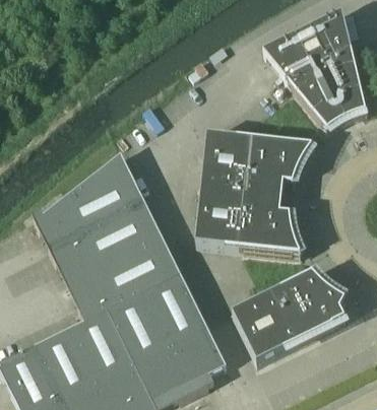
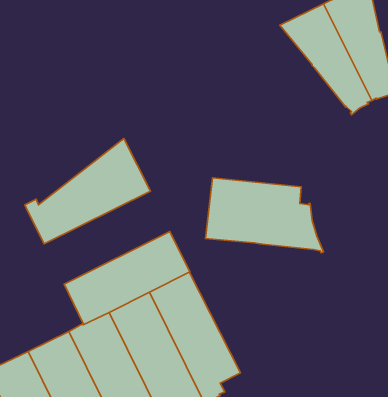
building: [201,132,314,195] -> none
building: [49,199,163,283] -> none
building: [232,269,347,360] -> none

